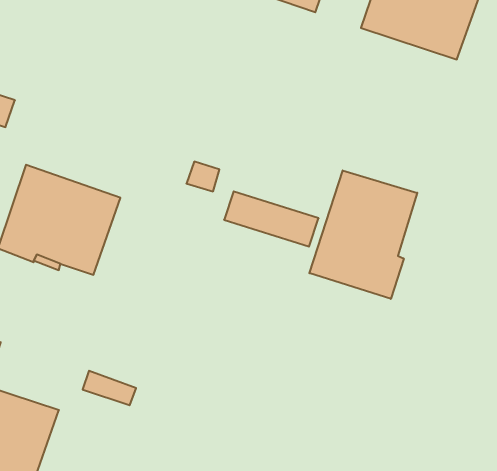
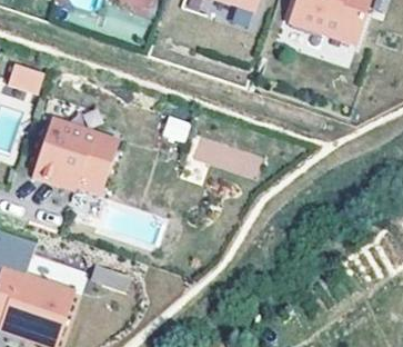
building: [309,170,417,299] -> none

